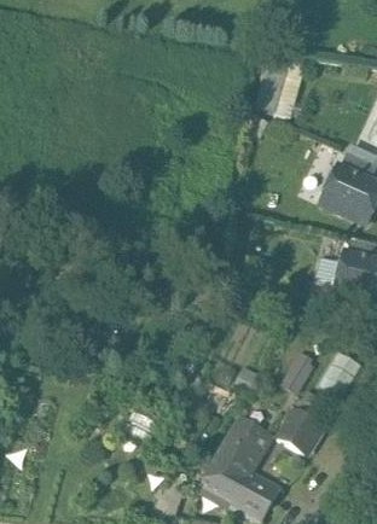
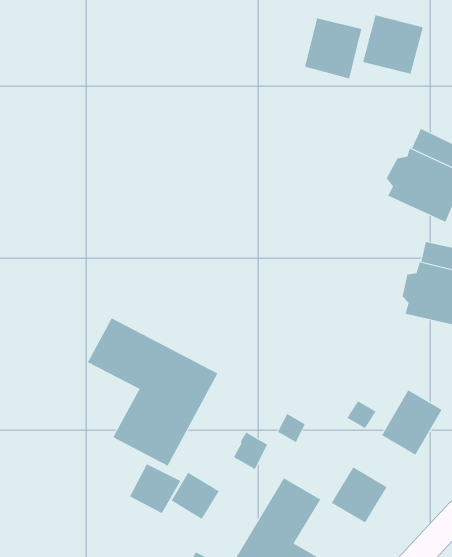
building: none -> [362,15,424,75]
building: none -> [87,318,218,466]
building: none -> [171,472,219,520]

